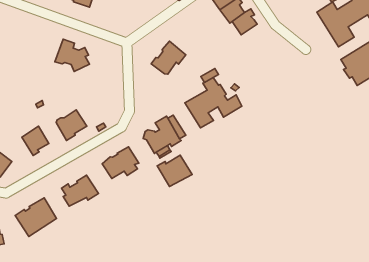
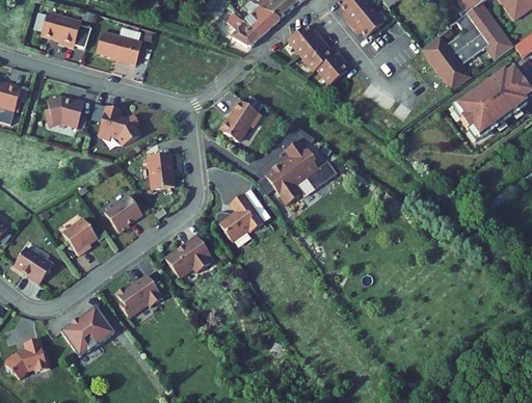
building: none -> [45,93,85,128]
building: none -> [148,153,177,188]
building: [157,155,192,187] -> none

